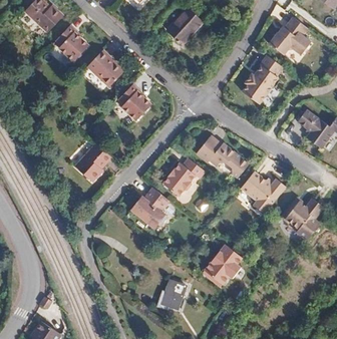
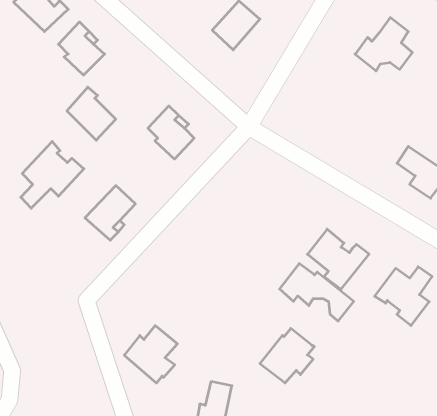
building: [90,48,125,86] -> [67,87,116,140]
building: [244,58,285,106] -> none
building: none -> [21,141,84,208]
building: [193,136,246,178] -> [280,264,354,321]
building: [156,155,197,193] -> none
building: [128,187,166,228] -> [124,326,177,383]

